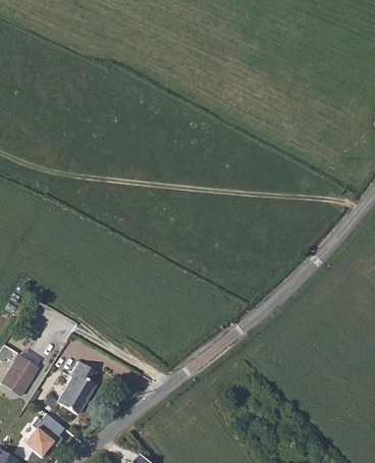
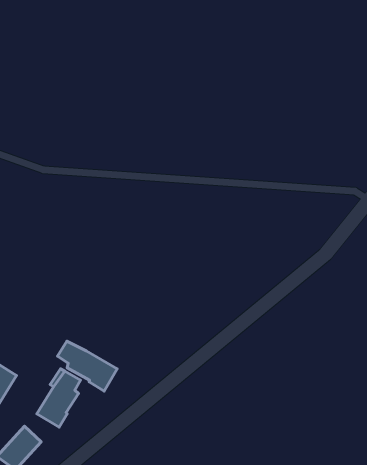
building: none -> [57,341,117,391]

